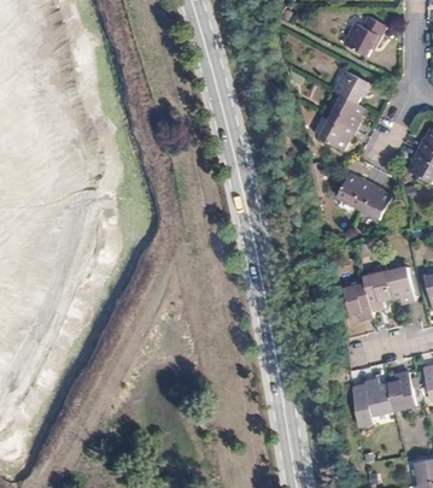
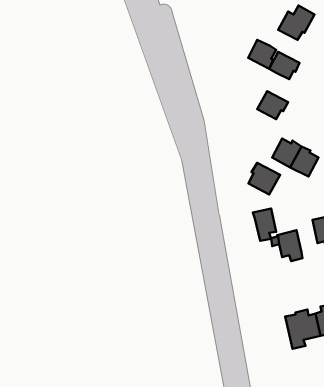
building: [329,95,363,130] -> [248,40,276,69]
building: none -> [248,163,280,194]
building: [362,271,390,310] -> [253,209,276,241]

